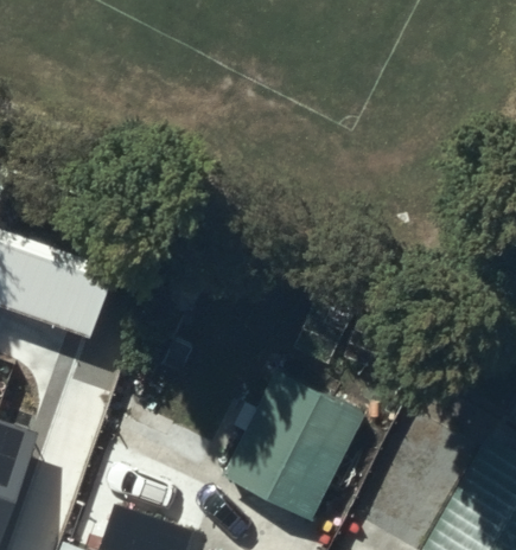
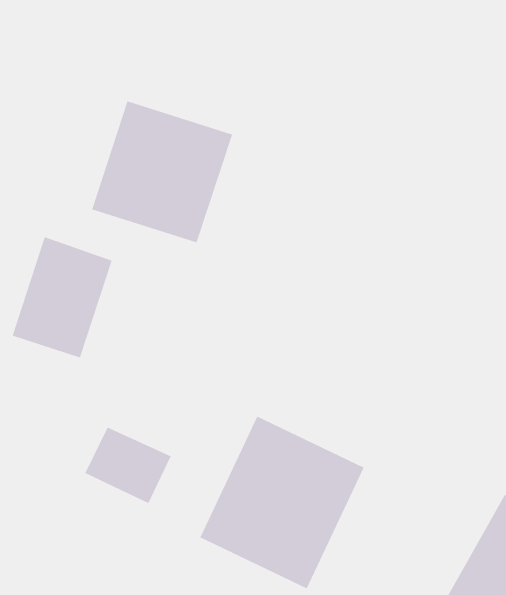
building: none -> [91,100,233,243]

